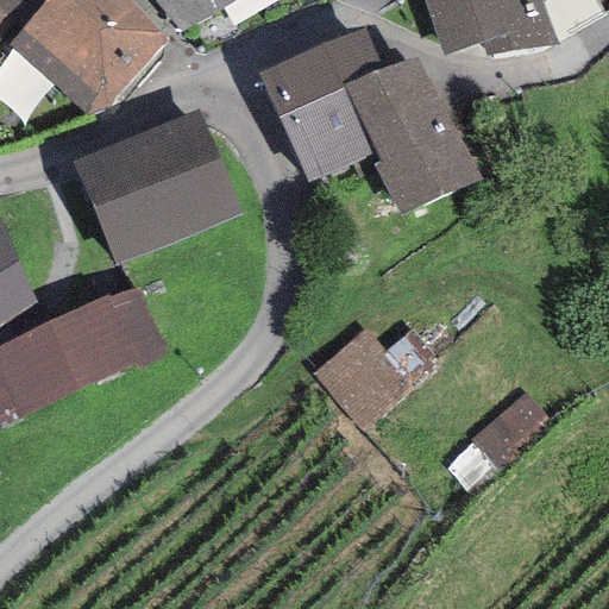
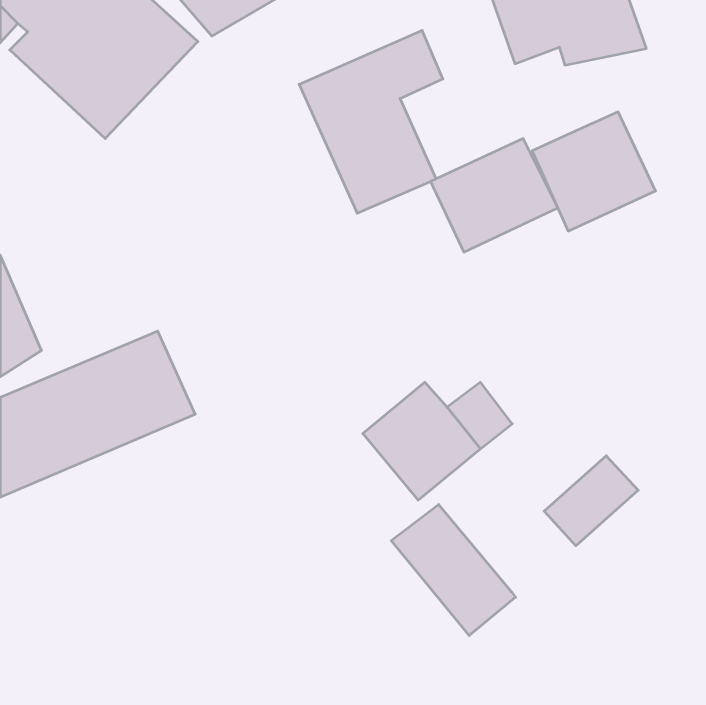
building: [345,51,451,153] -> [532,112,656,231]
building: [73,107,243,265] -> none
building: none -> [391,504,516,636]

